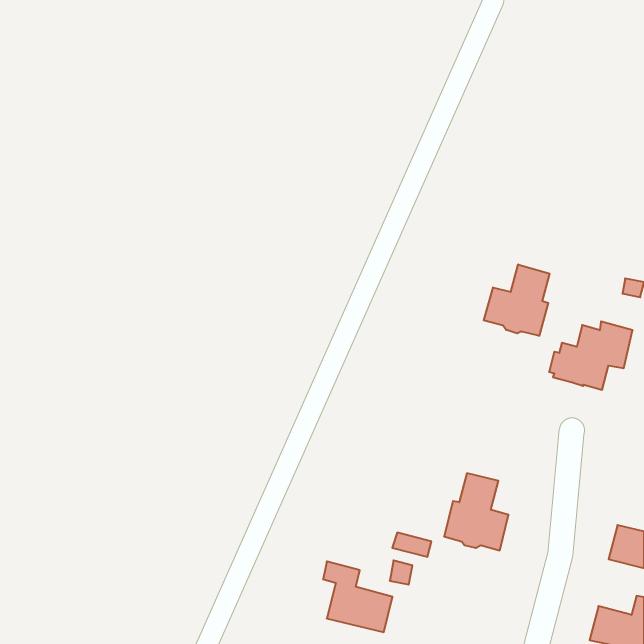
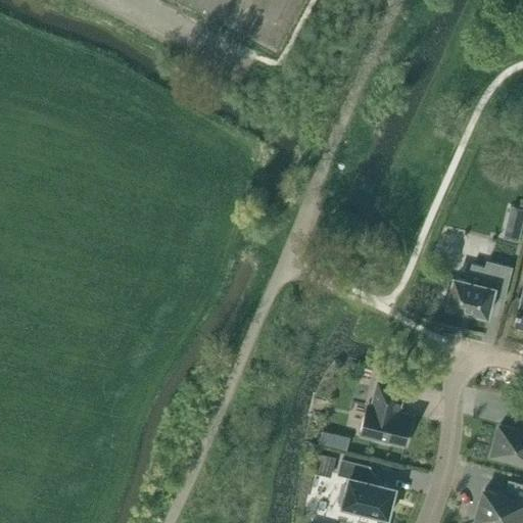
building: [484,264,550,336] -> none
building: [323,561,393,632] -> [338,461,394,518]

